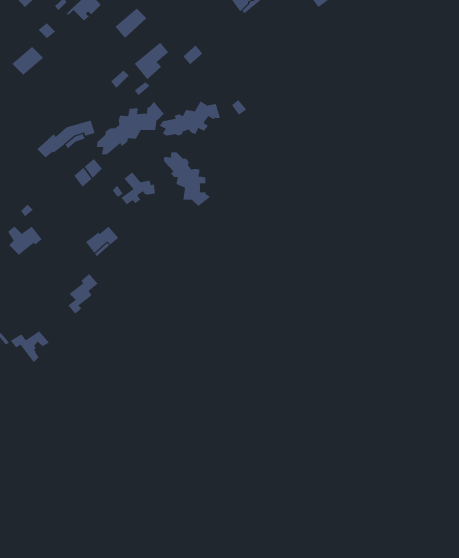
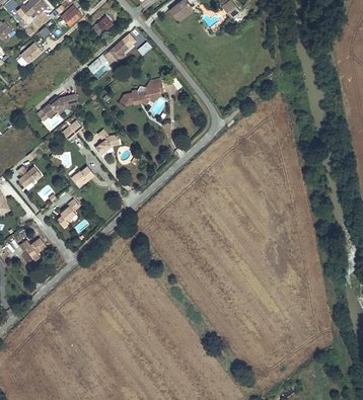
building: [96,101,165,155] -> none
building: [164,152,211,207] -> none

